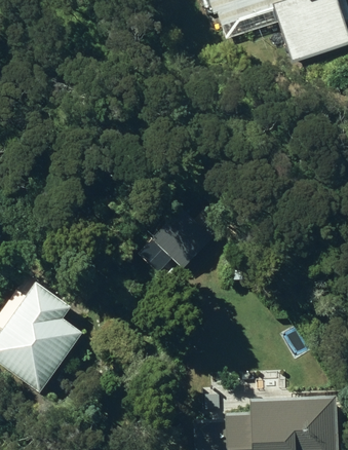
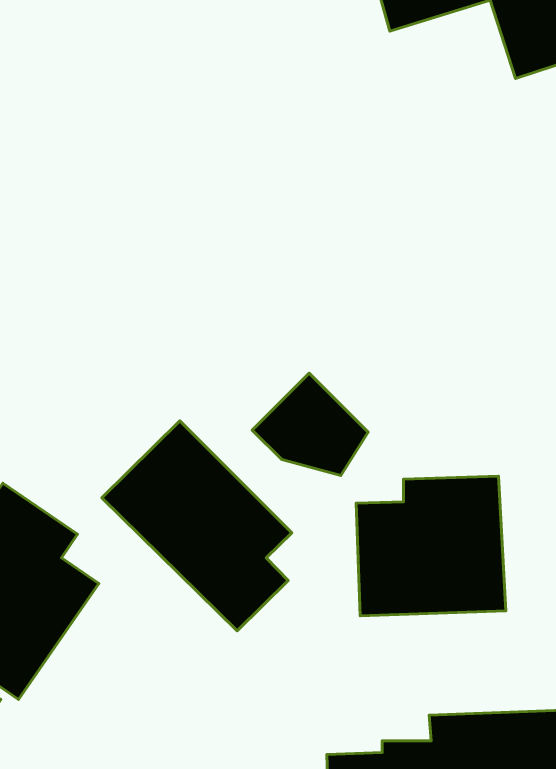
building: none -> [102,421,292,631]
building: none -> [356,476,506,616]

